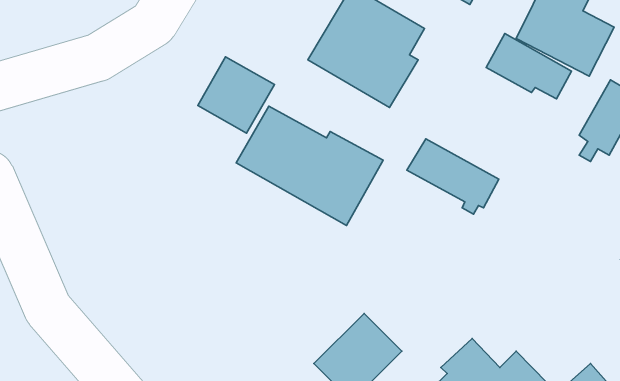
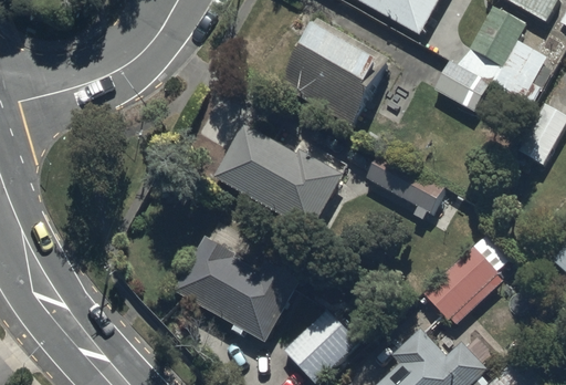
building: [198,57,274,133] -> none
building: none -> [174,236,302,340]
building: none -> [423,236,509,325]

